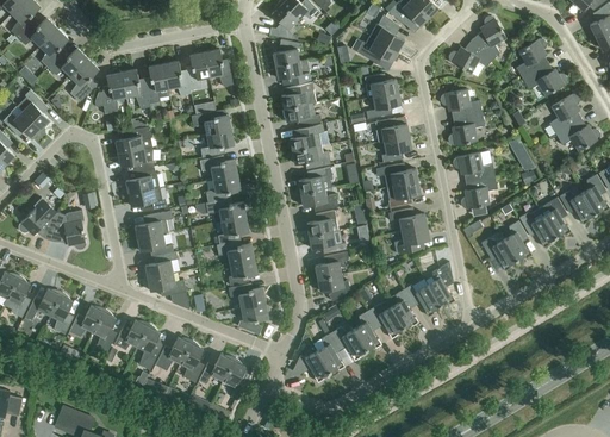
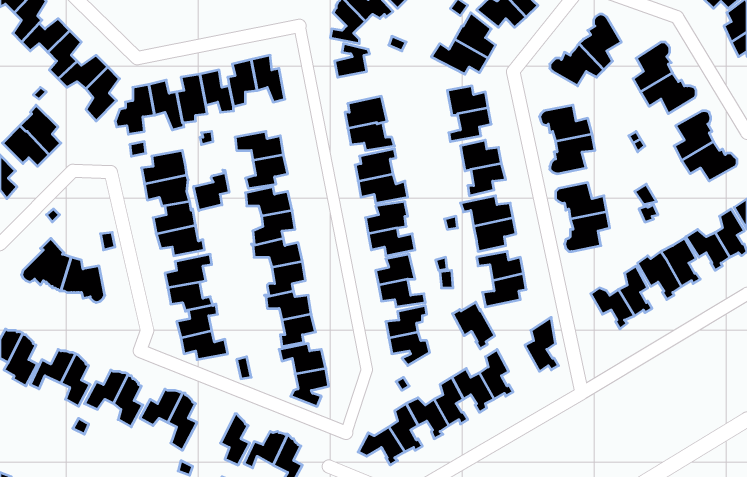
building: [275,61,311,85] -> none
building: none -> [194,170,229,211]
building: [405,279,440,317] -> [452,302,495,349]
building: [155,337,192,370] -> none

